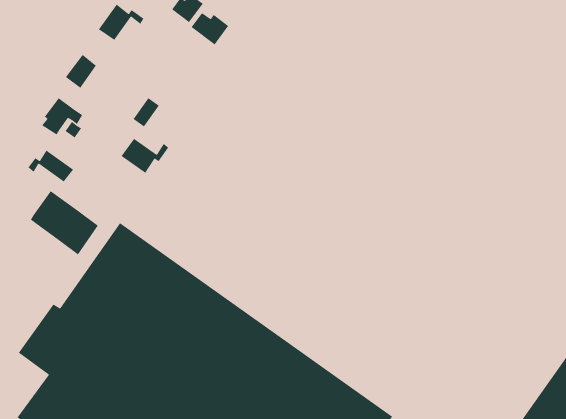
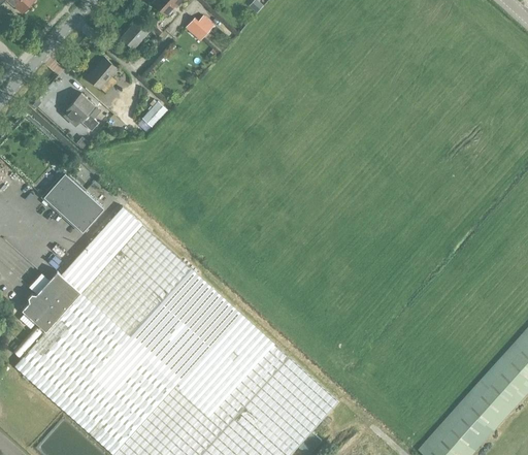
building: [190,12,229,45] -> none
building: [120,138,169,174] -> none
building: [27,150,74,183] -> none

